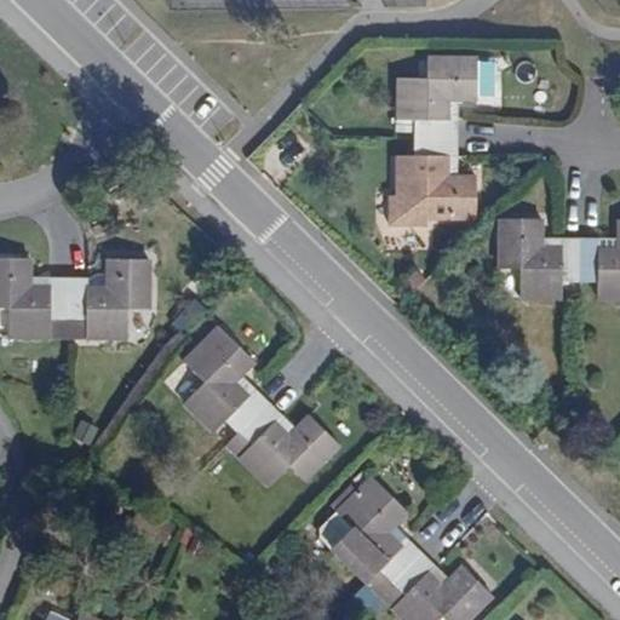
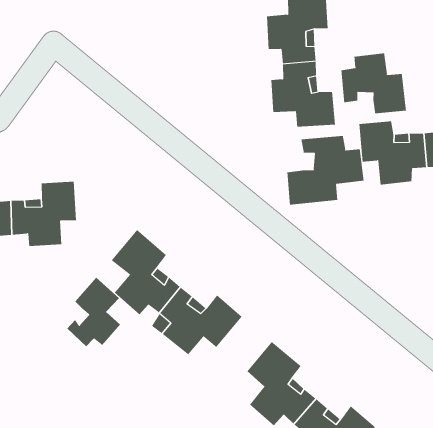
building: none -> [341,53,407,114]
building: none -> [287,135,364,206]
building: none -> [67,277,121,347]

